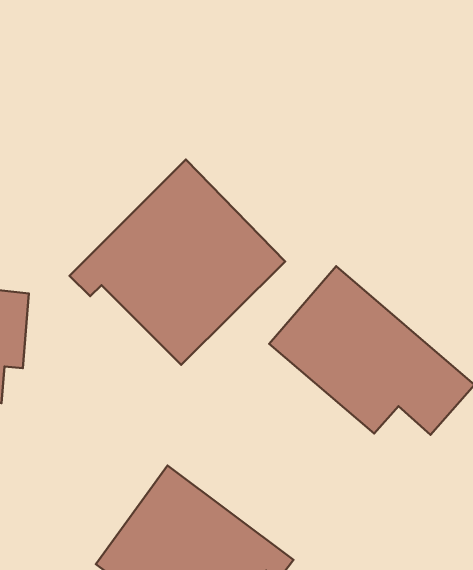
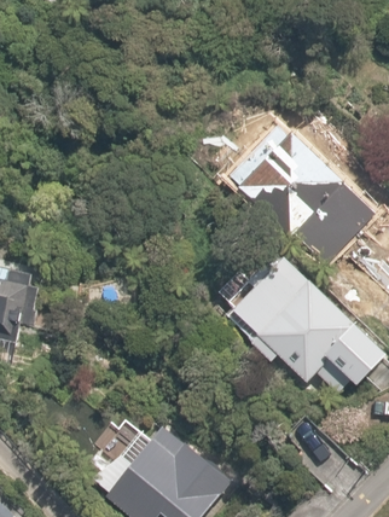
building: none -> [228,116,362,257]
building: [69,160,285,365] -> none

